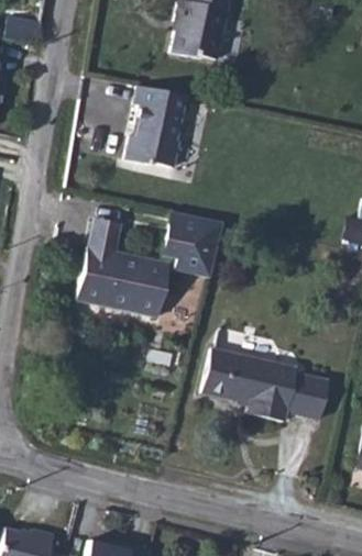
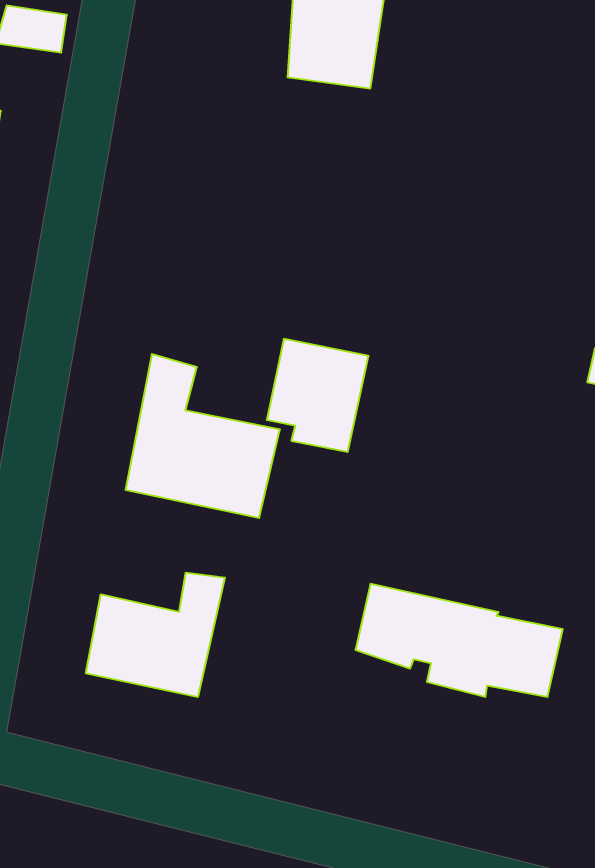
building: [128,89,186,169] -> none
building: none -> [86,573,225,697]

